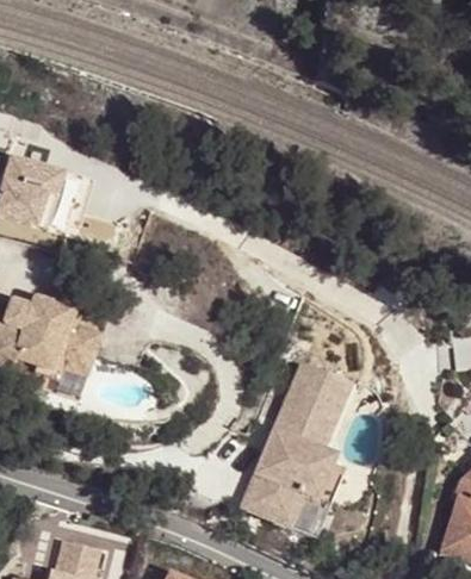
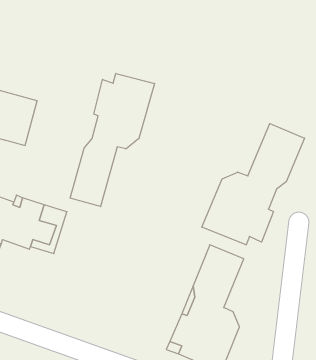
building: none -> [70,73,155,207]
building: none -> [202,124,305,245]

